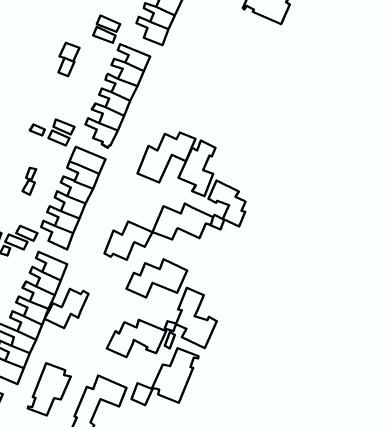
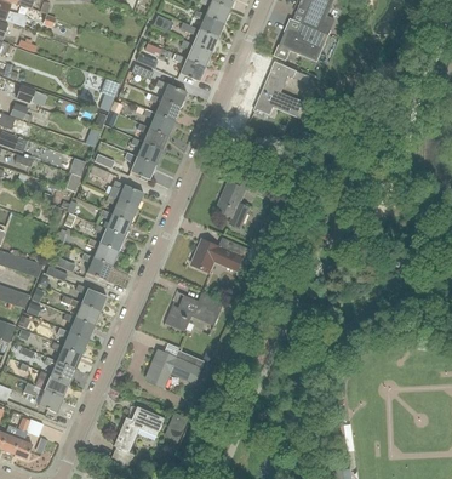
building: none -> [254,61,309,116]
building: [138,132,196,183] -> none
building: [208,181,246,227] -> none
building: [105,221,152,260] -> none
building: [176,288,217,348] -> none
building: [45,289,88,328] -> none
building: [152,348,198,403] -> none
building: [28,363,71,416] -> none

